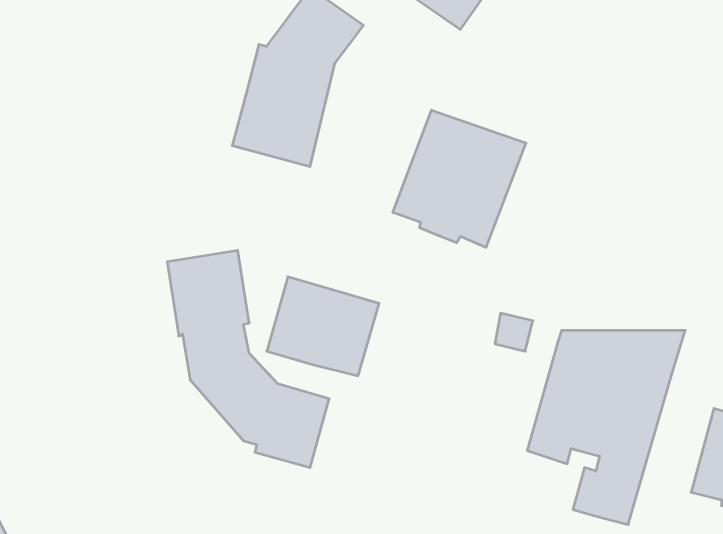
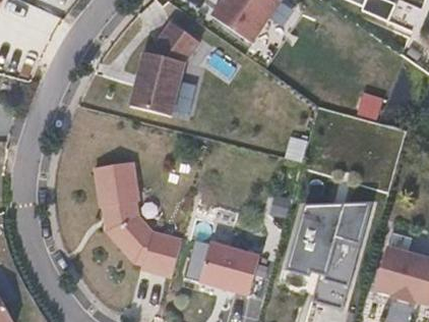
building: [393,110,526,247] -> none
building: [267,277,379,376] -> [198,240,258,293]

